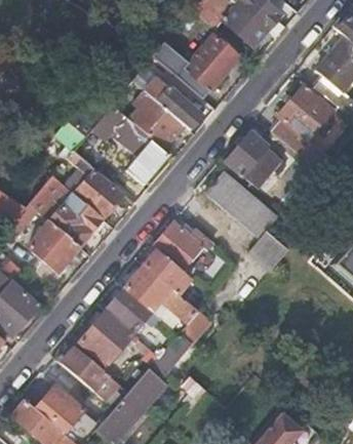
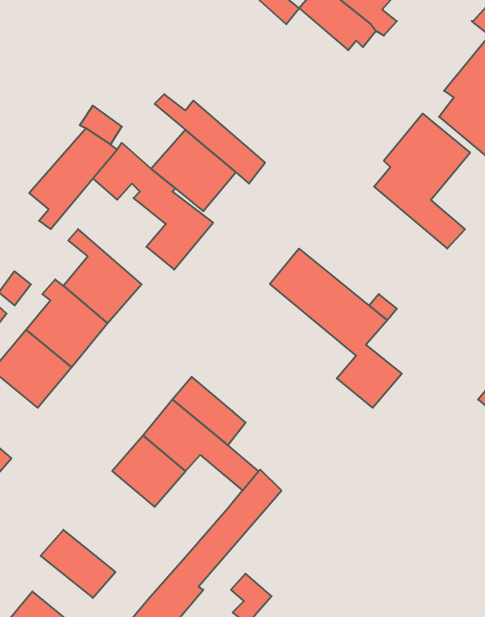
building: [148,35,239,98] -> none
building: [226,132,281,188] -> none
building: [152,221,212,273] -> none
building: [80,311,159,365] -> none

